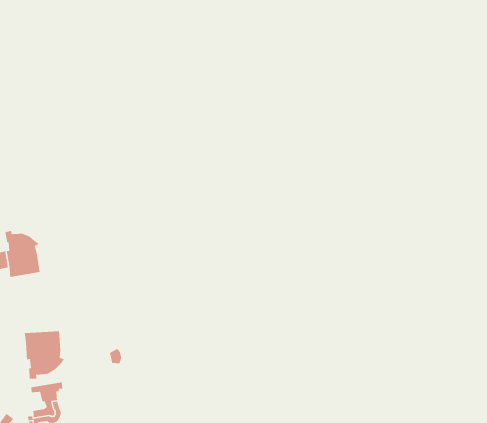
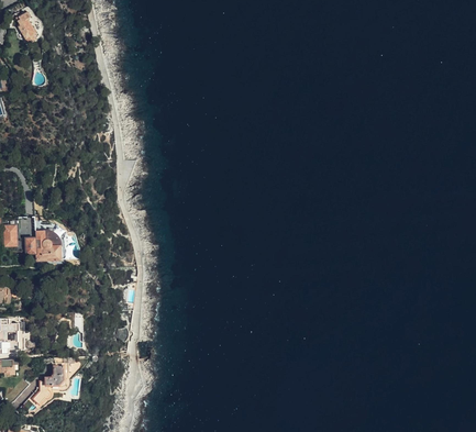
building: [24,330,65,379] -> none

